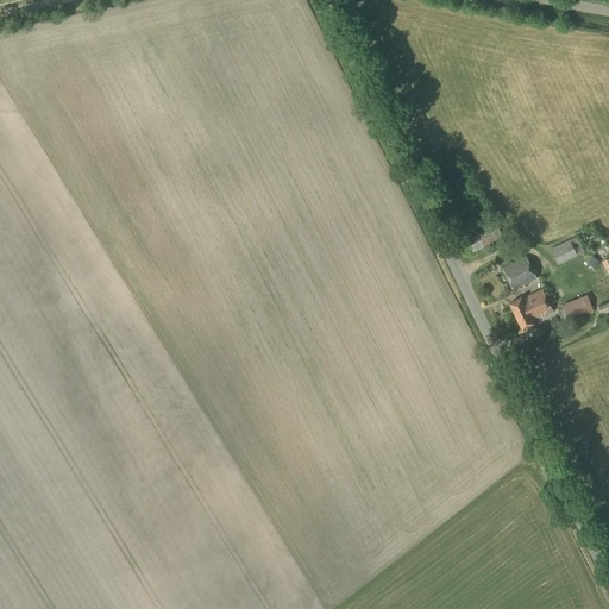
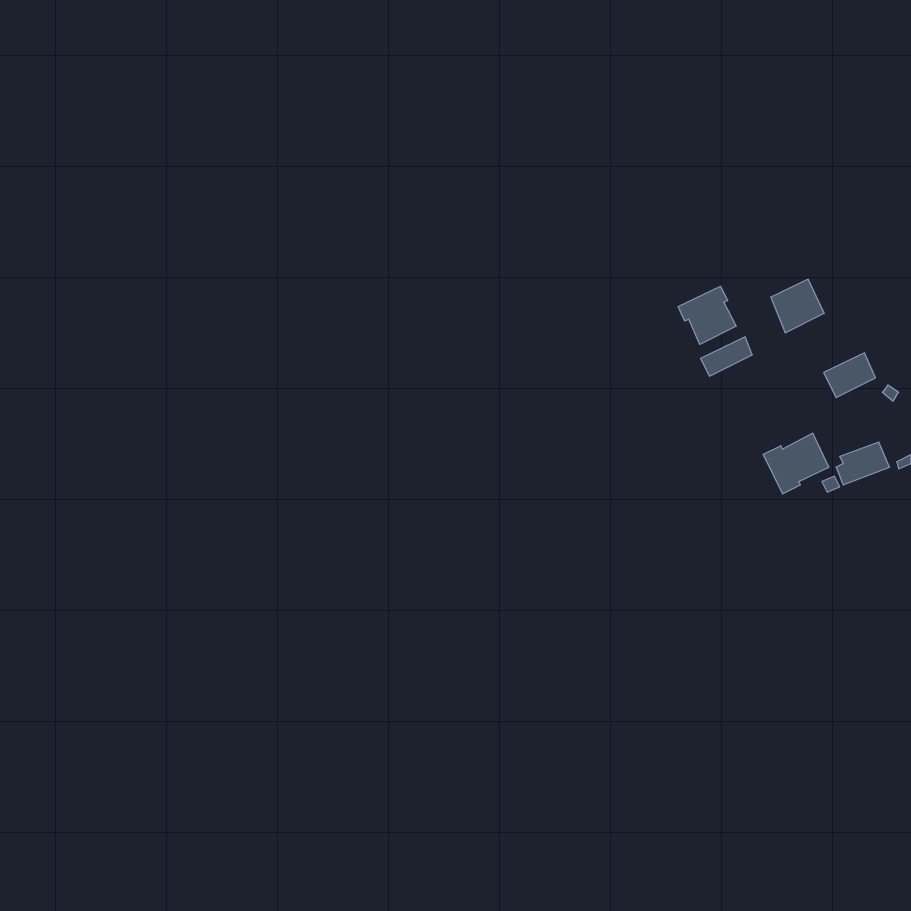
building: none -> [678,286,736,344]
building: [502,256,538,291] -> [771,279,824,333]

